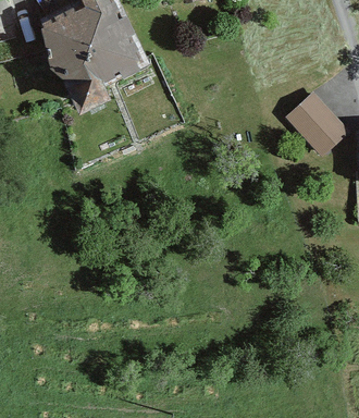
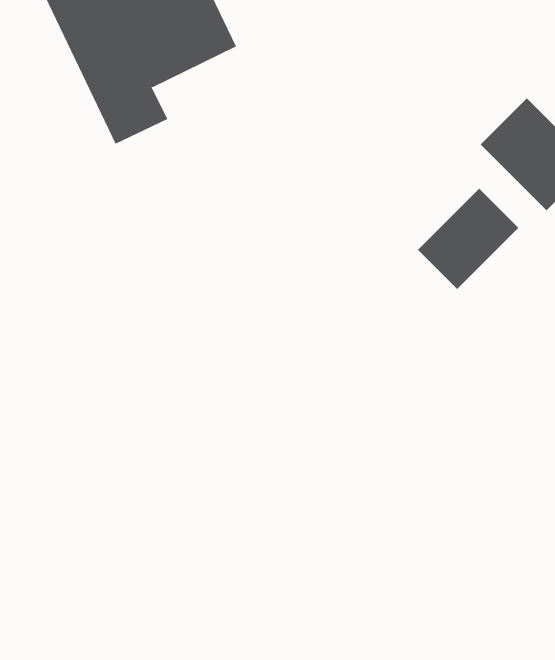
building: none -> [417,188,519,290]

